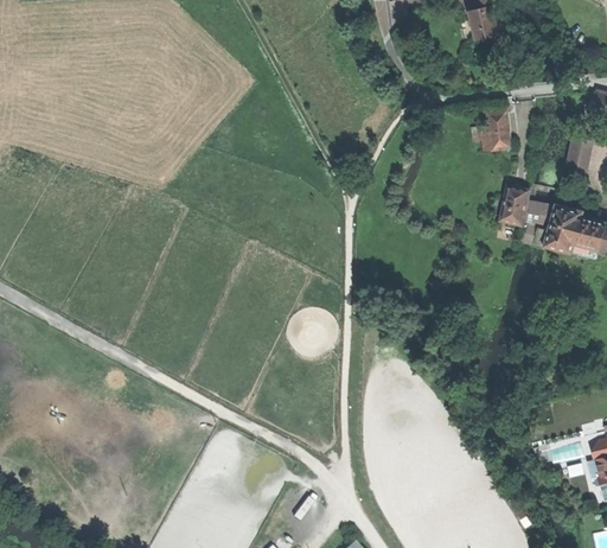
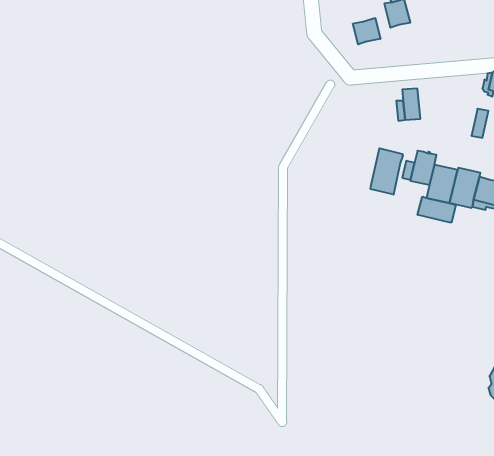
building: none -> [353,18,380,44]
building: none -> [371,148,403,195]
building: none -> [418,197,456,222]

